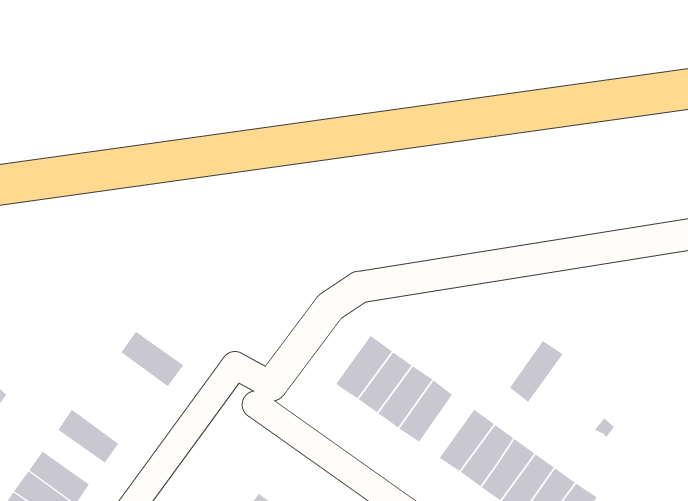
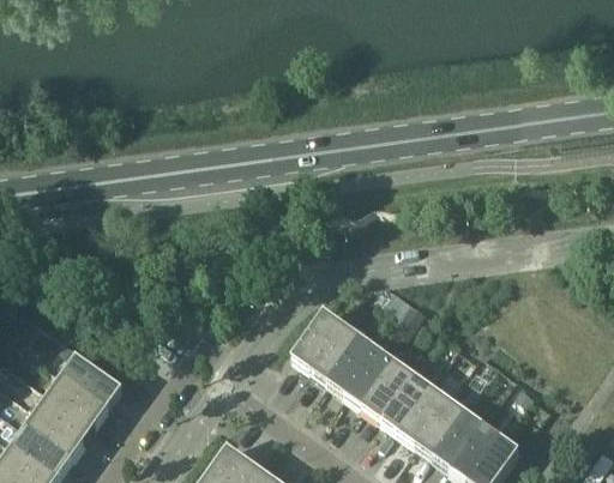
building: [121,331,185,387] -> [65,355,120,403]
building: [509,340,563,403] -> [363,361,410,415]
building: none -> [40,391,94,437]

